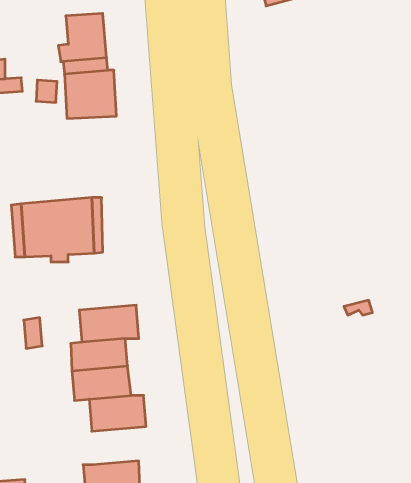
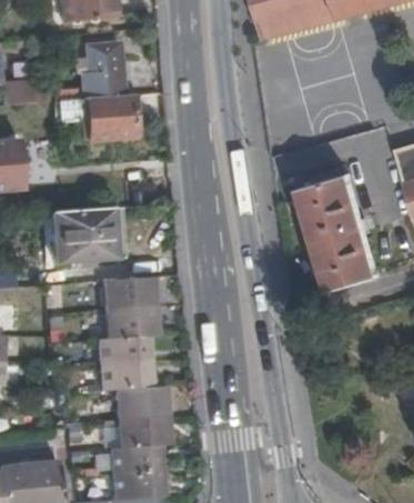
building: none -> [305,174,382,288]
building: none -> [100,274,152,309]
building: none -> [112,413,163,447]

